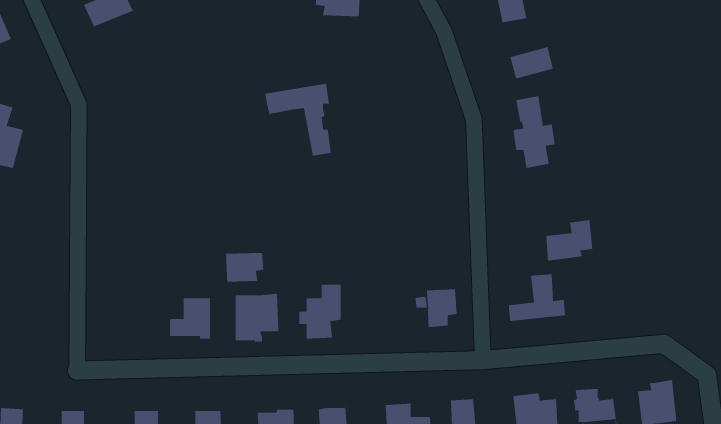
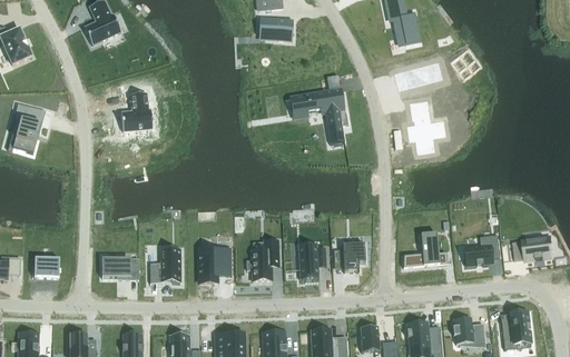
building: [265,83,331,156] -> [294,89,344,143]
building: none -> [121,95,151,132]
building: [546,220,593,261] -> [464,234,500,265]
building: [225,252,264,282] -> none
building: none -> [512,237,552,259]
building: none -> [297,242,326,278]
building: none -> [33,254,59,277]
building: none -> [101,257,138,278]

